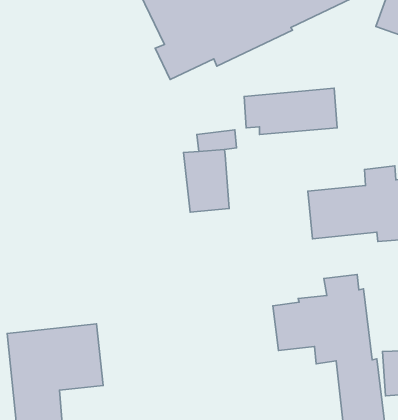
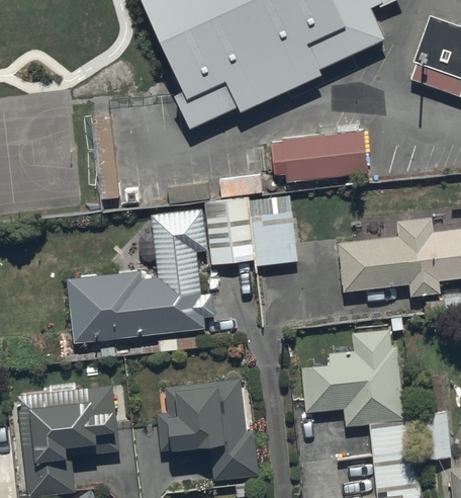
building: none -> [249,200,297,268]
building: none -> [67,209,212,343]
building: none -> [157,379,257,482]

